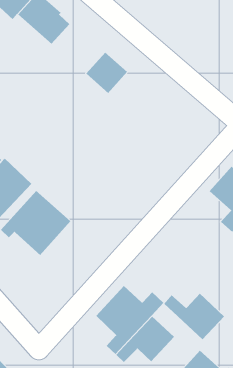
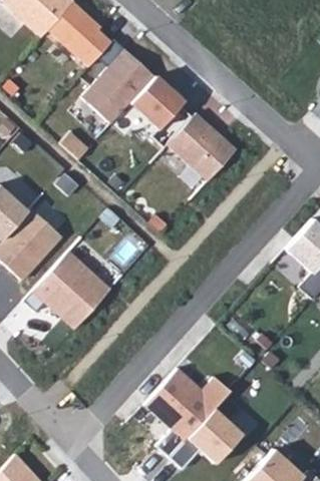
building: none -> [82,51,155,125]
building: none -> [168,114,237,182]
building: [163,293,225,340] -> none

